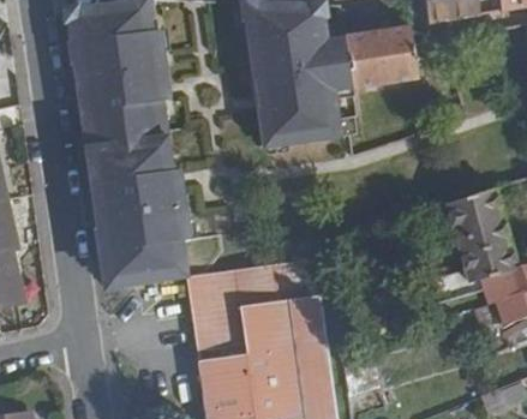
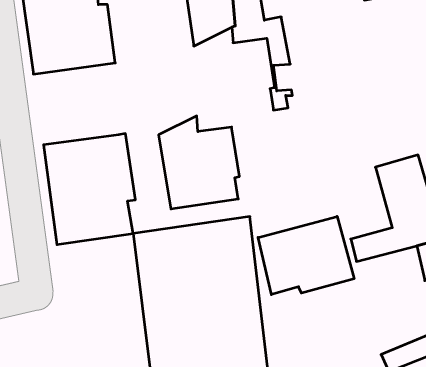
building: [345,28,421,91] -> none
building: [251,52,337,151] -> [159,116,239,209]
building: [79,90,170,178] -> none
building: none -> [258,216,354,295]

